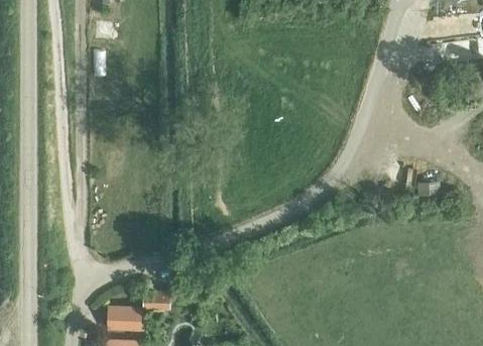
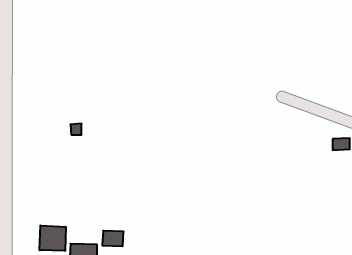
building: none -> [40,225,66,251]

